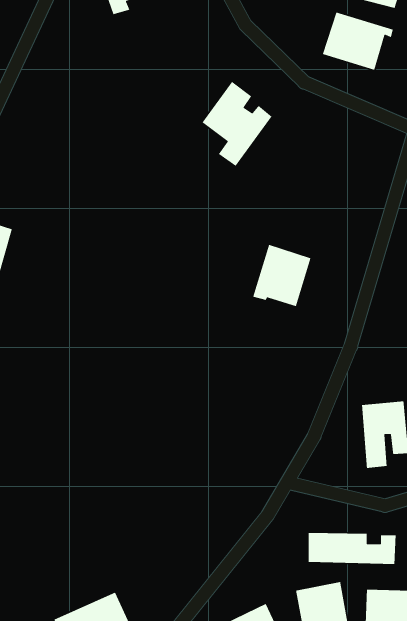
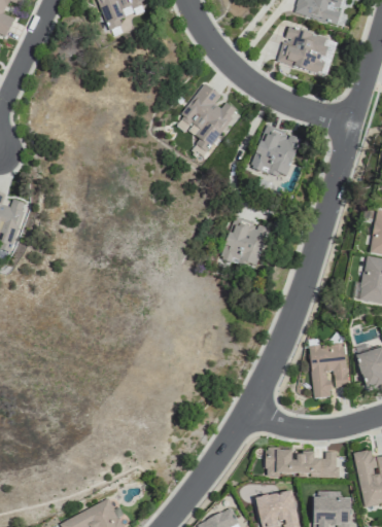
building: none -> [251,126,301,178]

